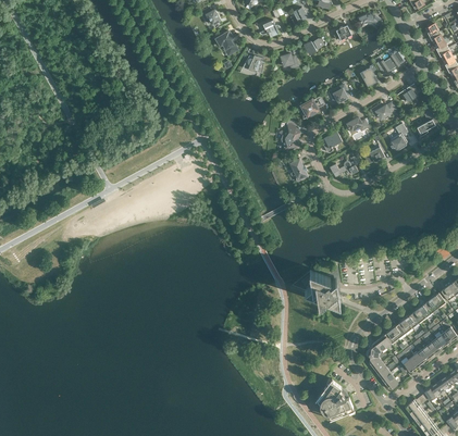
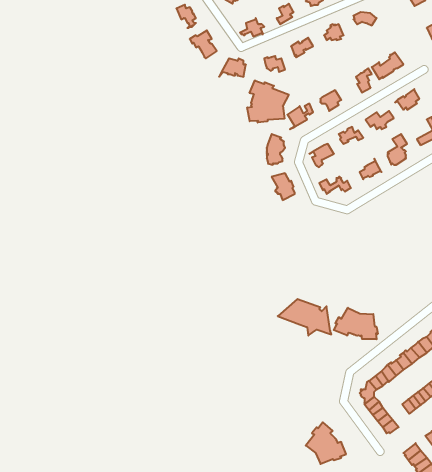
building: none -> [247,80,289,123]
building: none -> [334,308,378,339]

